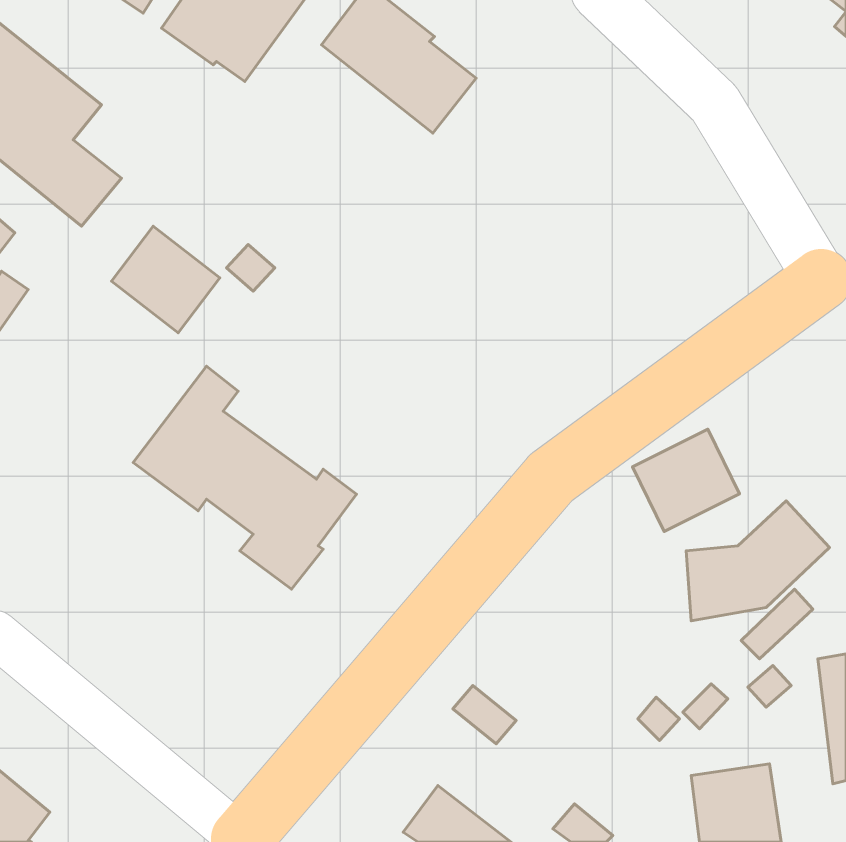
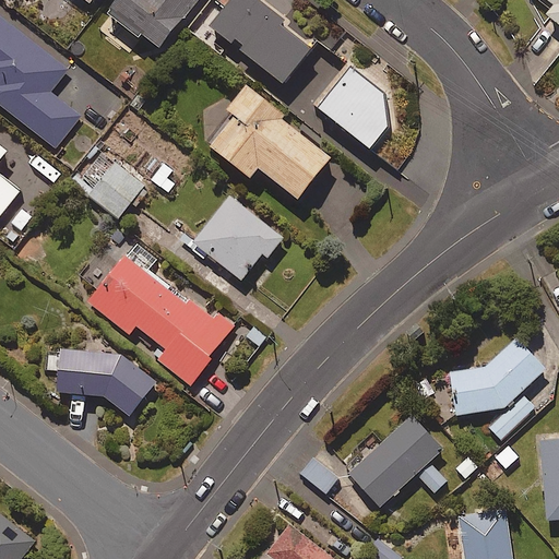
building: none -> [319,71,404,154]
building: none -> [206,87,335,205]
building: none -> [192,197,283,282]
building: [633,429,739,532] -> none
building: none -> [57,350,155,418]
building: none -> [348,406,442,497]

